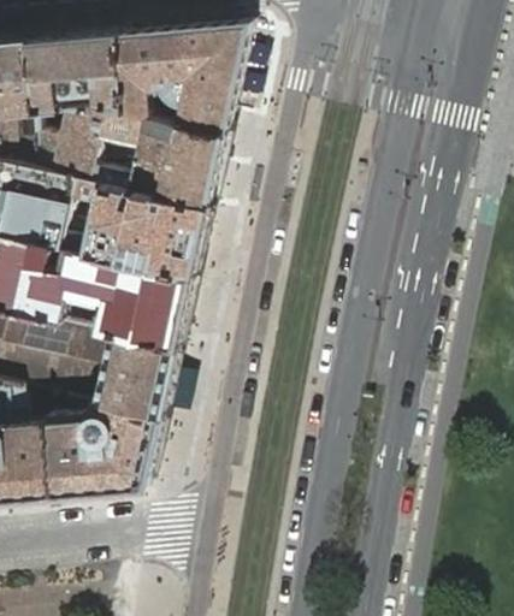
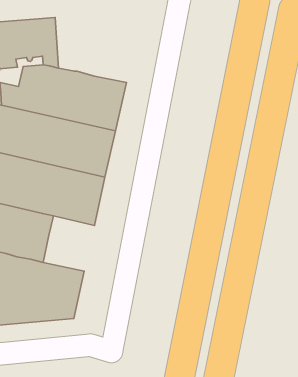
building: [110,24,241,134] -> none
building: [91,333,169,416] -> none

